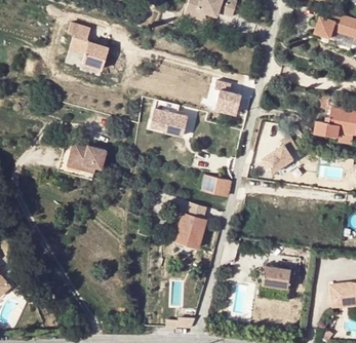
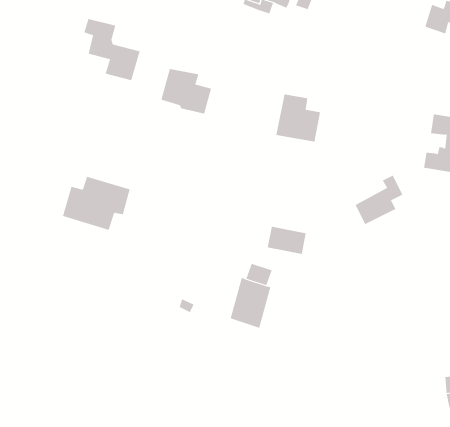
building: [150,104,187,137] -> [161,69,212,114]
building: [264,266,292,289] -> none

